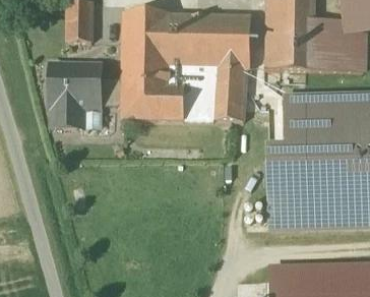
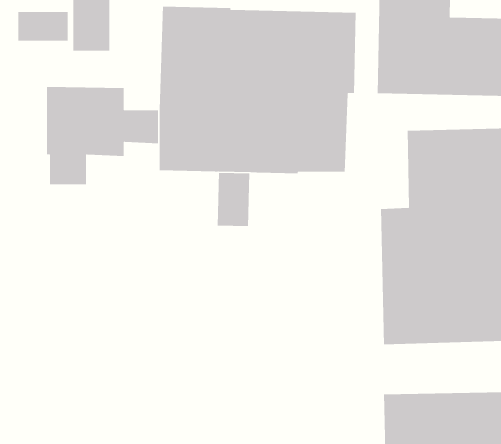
building: none -> [18,11,69,42]
building: none -> [217,172,250,227]

